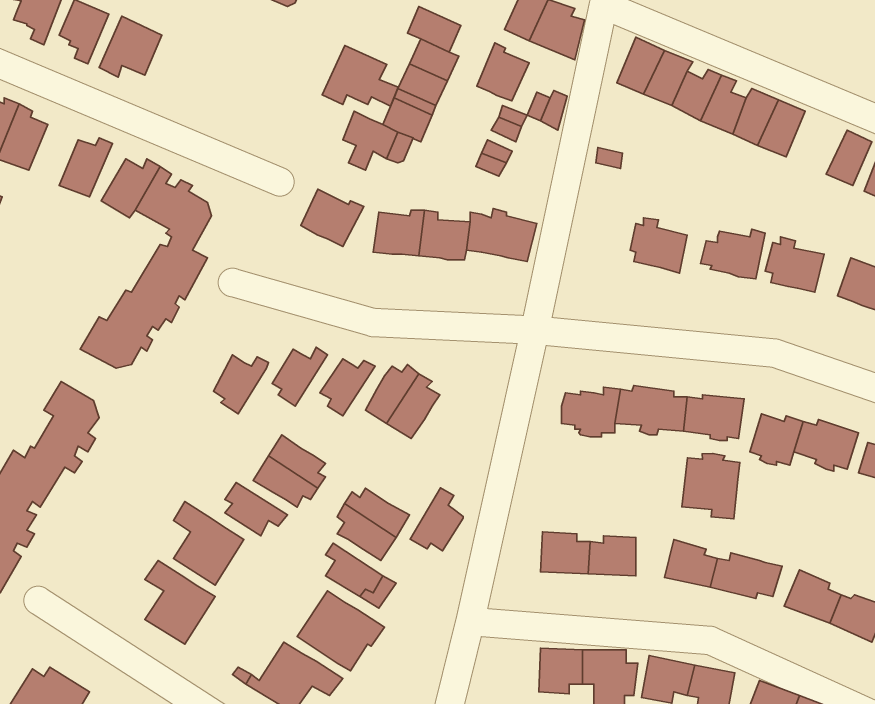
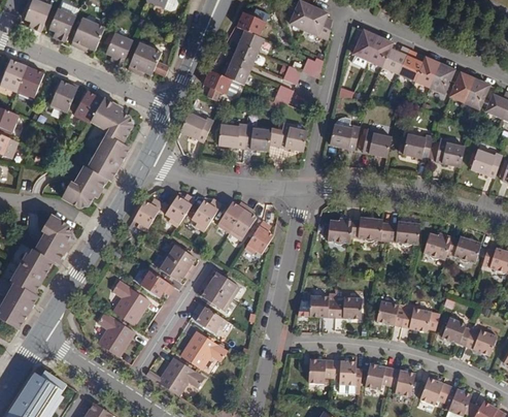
building: [477,43,529,101] -> none
building: [322,45,398,106] -> [127,42,168,75]
building: none -> [105,33,132,67]
building: none -> [449,71,475,102]
building: none -> [328,121,358,148]
building: [682,453,740,519] -> none
building: [410,488,463,551] -> [243,222,272,256]

